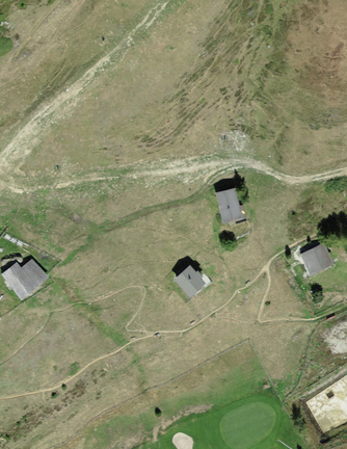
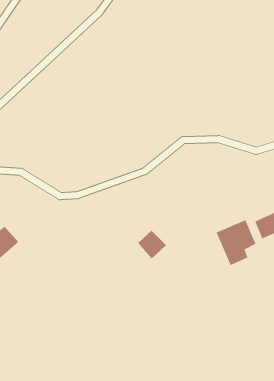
building: [216,189,241,224] -> none
building: none -> [216,219,256,266]

